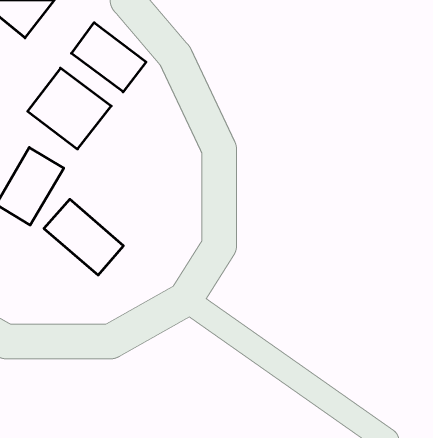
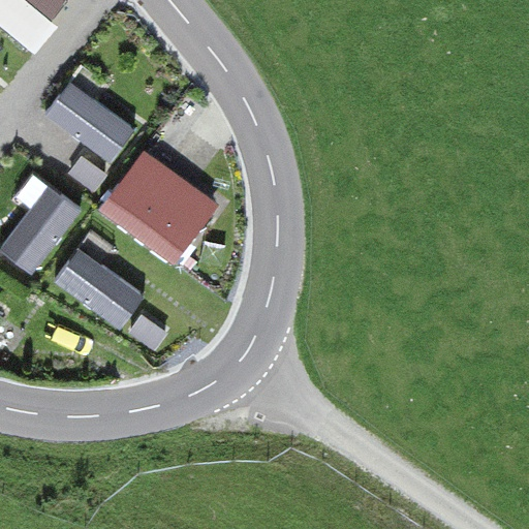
building: [71,23,146,92] -> none
building: none -> [100,150,217,264]

